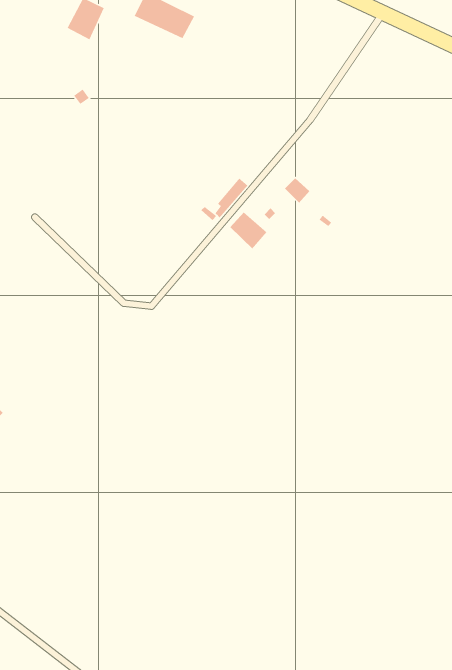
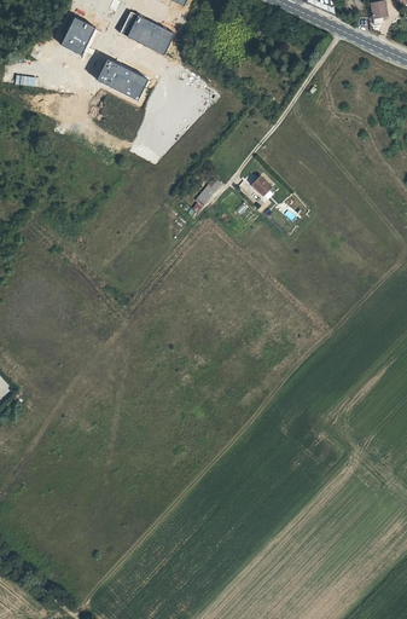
building: none -> [97,58,147,100]
building: [229,211,268,250] -> none

